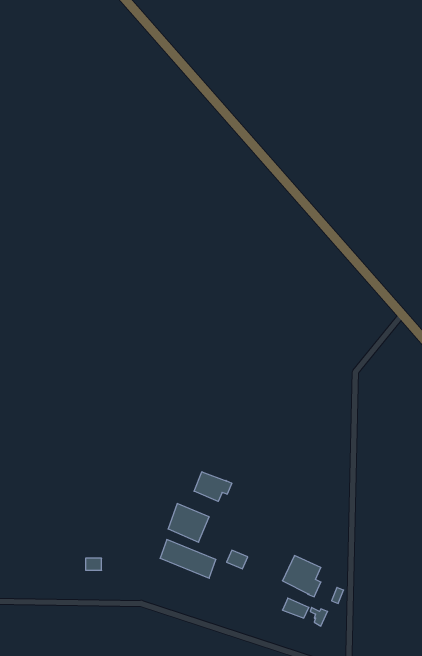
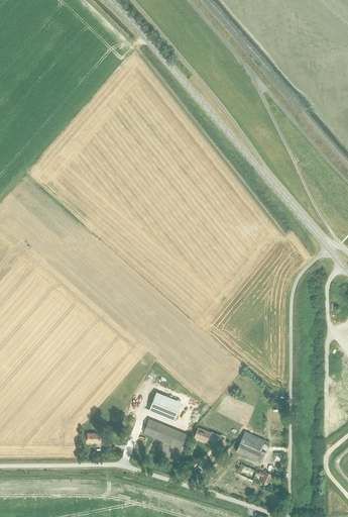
building: [194,472,232,501] -> none

